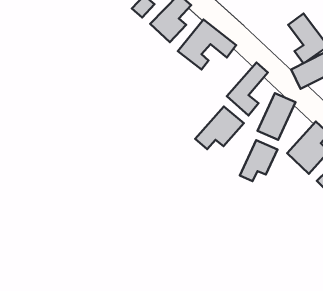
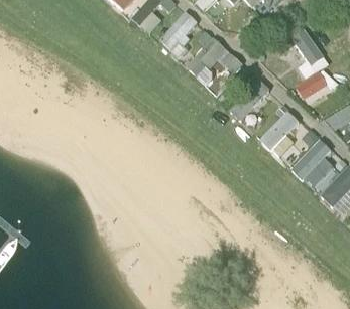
building: [195,106,244,149] -> none
building: [240,140,277,181] -> none

